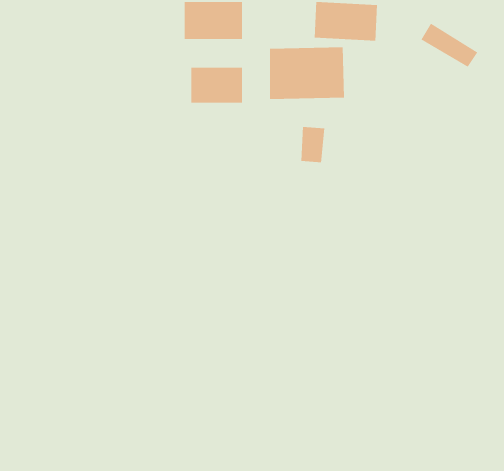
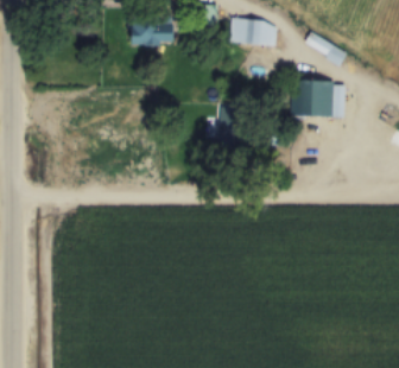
building: [269,47,345,99] -> [290,80,344,118]
building: [191,67,243,103] -> none

